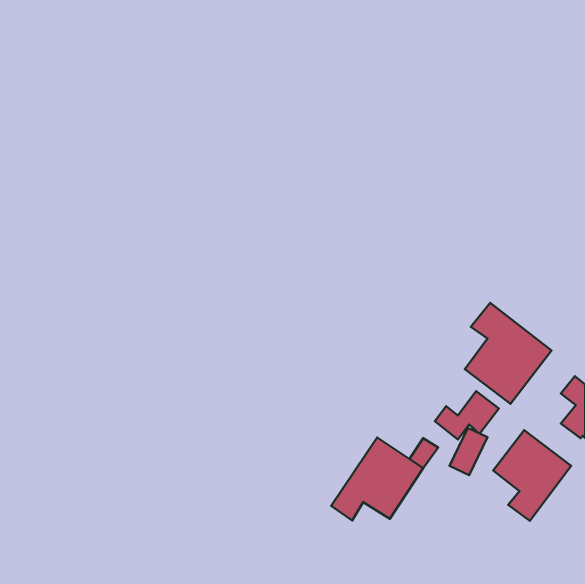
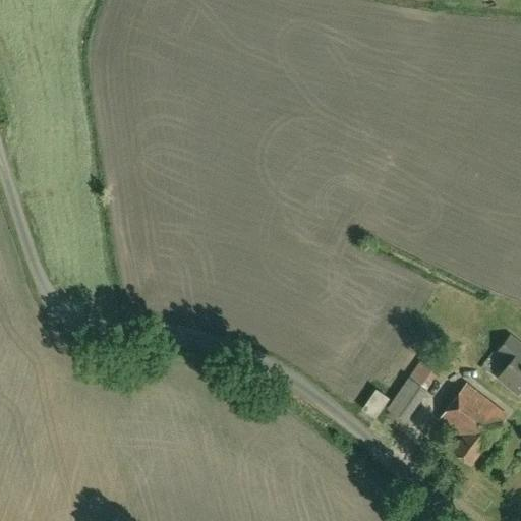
building: [465,303,552,404] -> none
building: [331,437,423,520] -> none

